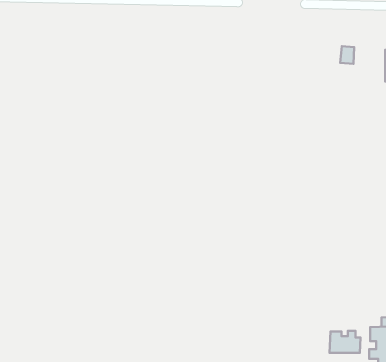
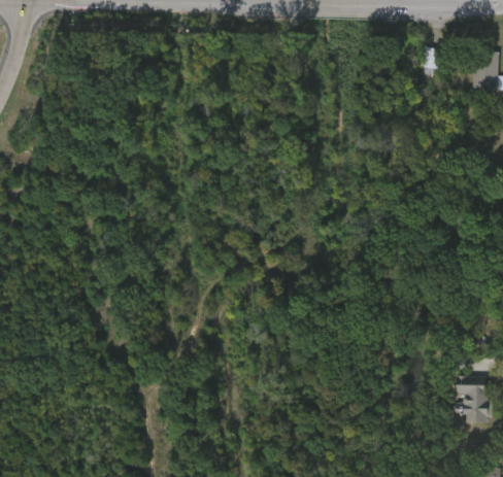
building: [330,331,360,353] -> none

